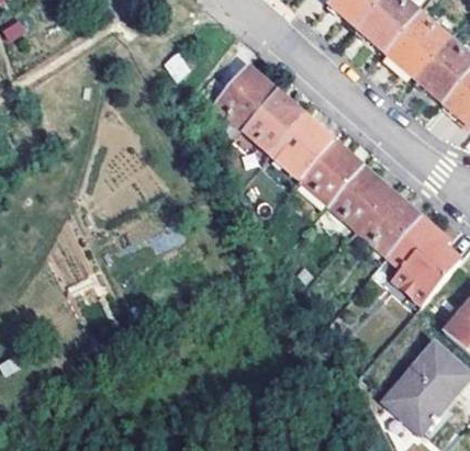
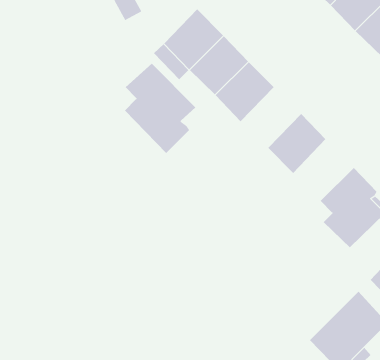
building: none -> [124,63,196,154]
building: [300,138,362,202] -> none
building: [358,189,421,253] -> none

